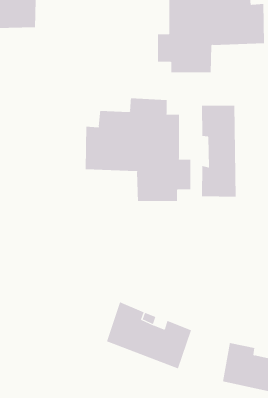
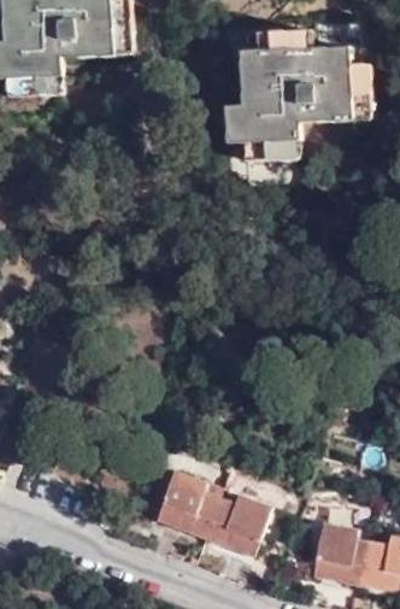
building: [85,97,191,202] -> none
building: [201,105,236,198] -> none

